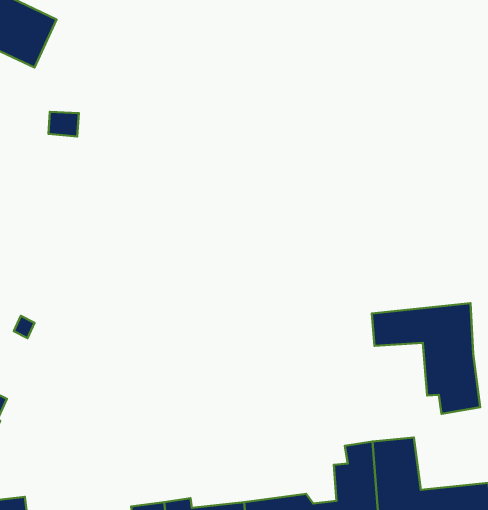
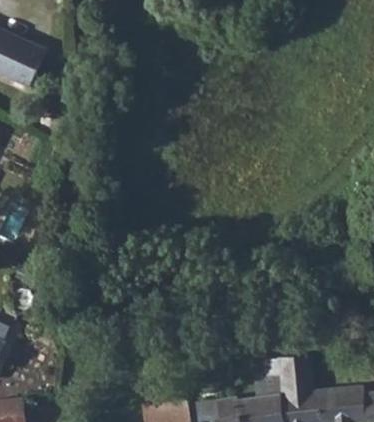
building: [372,303,480,414] -> none

